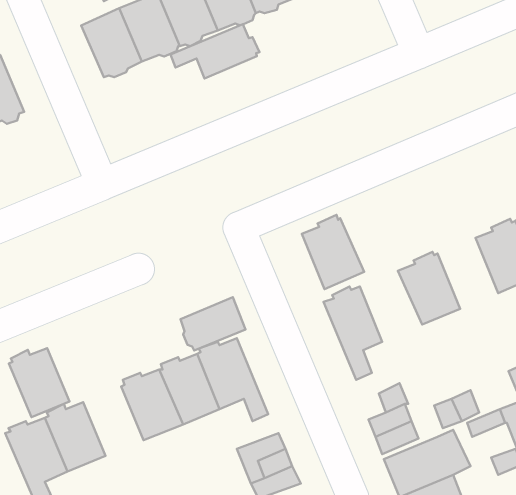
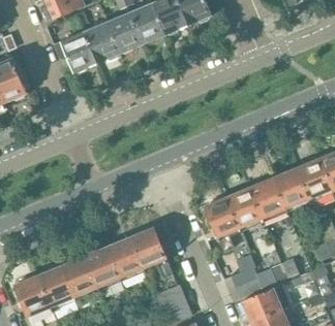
building: [171,24,260,78] -> none
building: [302,215,364,289] -> [226,186,264,230]
building: none -> [273,167,309,210]
building: [180,297,245,351] -> none
building: [9,348,69,417] -> [61,257,97,298]

